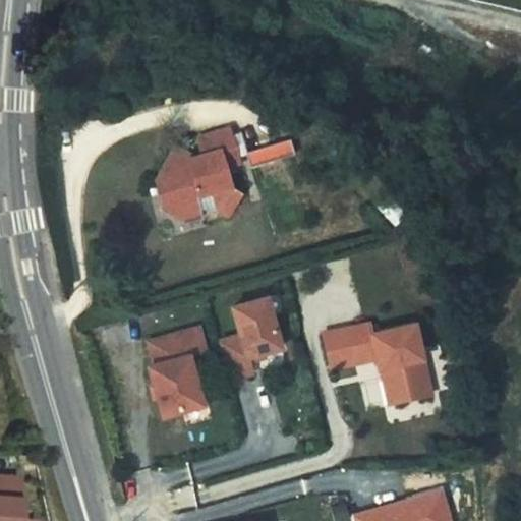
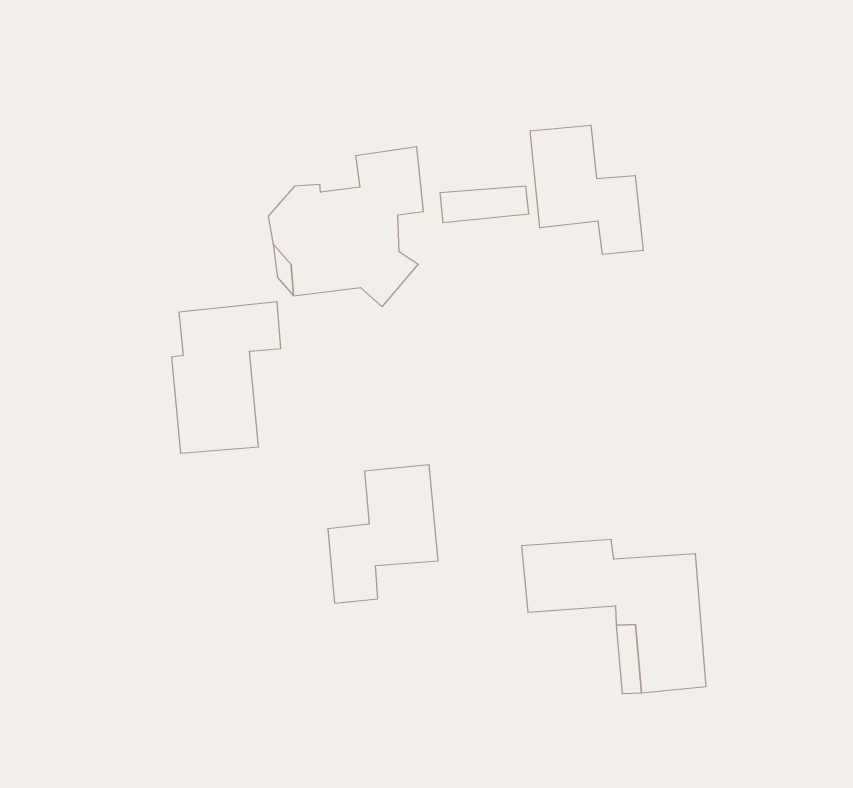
building: none -> [530,125,643,254]
building: [149,329,206,417] -> [171,302,281,453]

